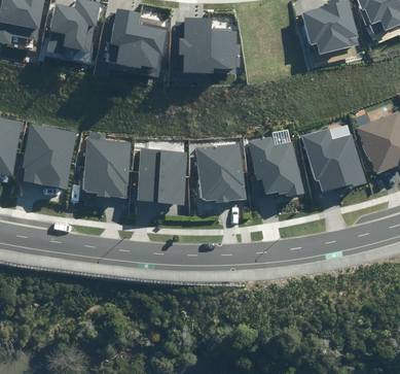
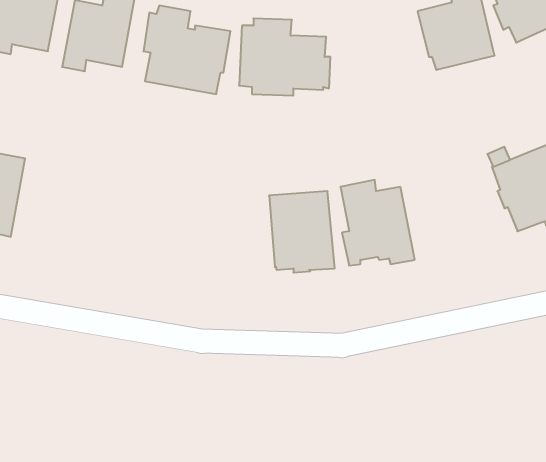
building: [22,122,75,189] -> none
building: [301,127,363,191] -> none
building: [82,137,130,197] -> none
building: [135,147,185,204] -> none

